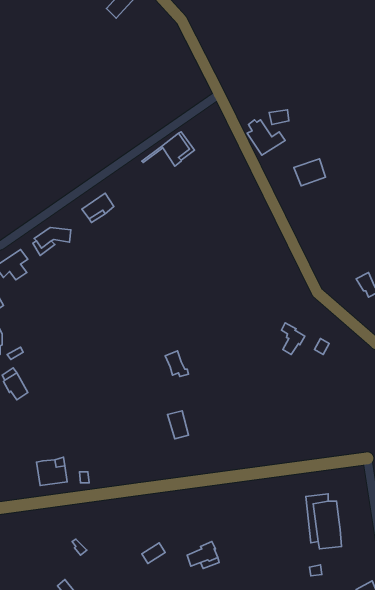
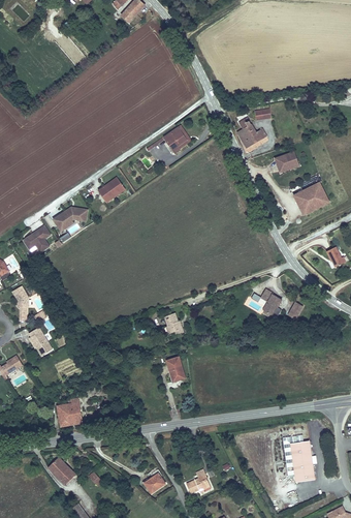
building: none -> [294,181,331,214]
building: none -> [47,457,76,486]

